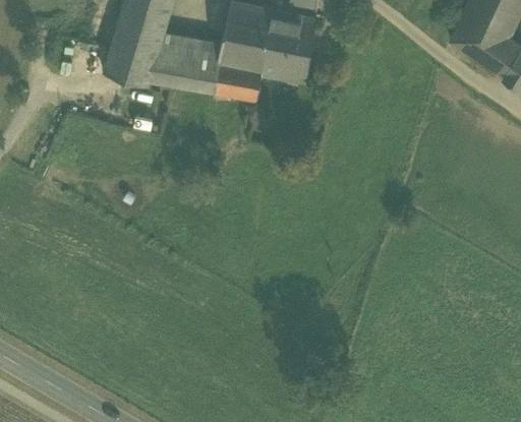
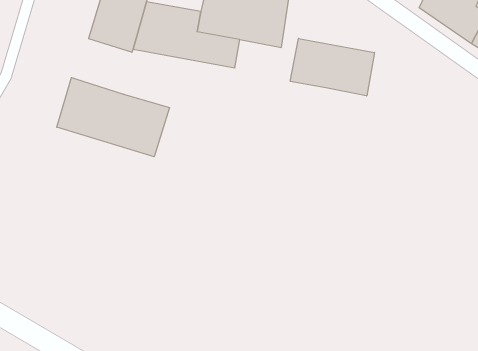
building: none -> [290,38,374,96]
building: none -> [57,78,169,157]

